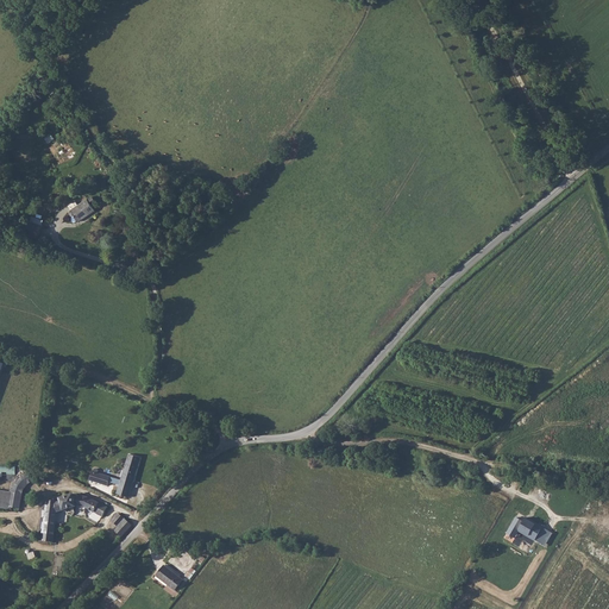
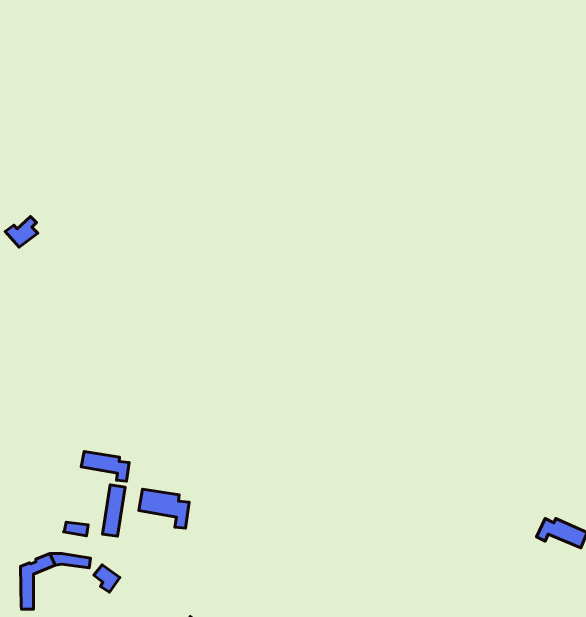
building: none -> [81,452,129,481]
building: none -> [139,489,189,528]

